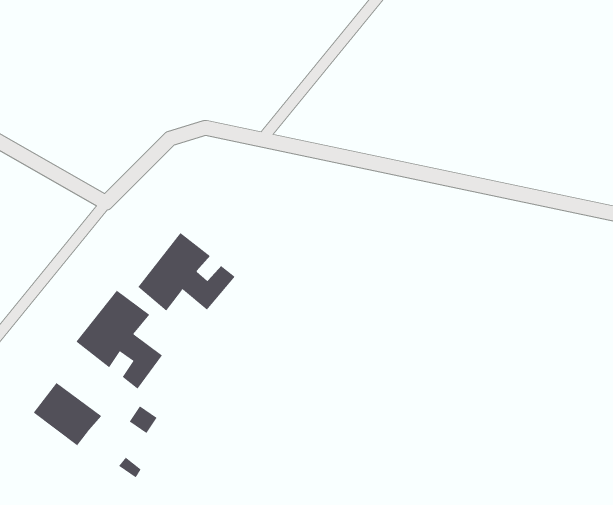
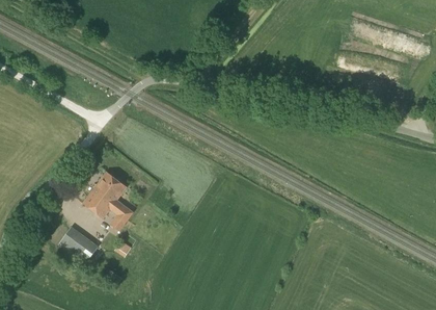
building: [137,232,235,311] -> none

